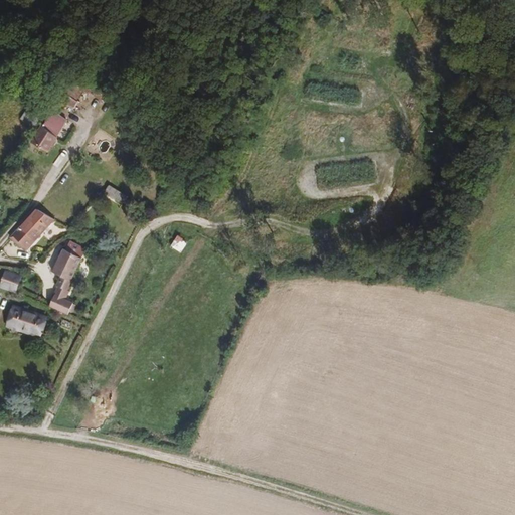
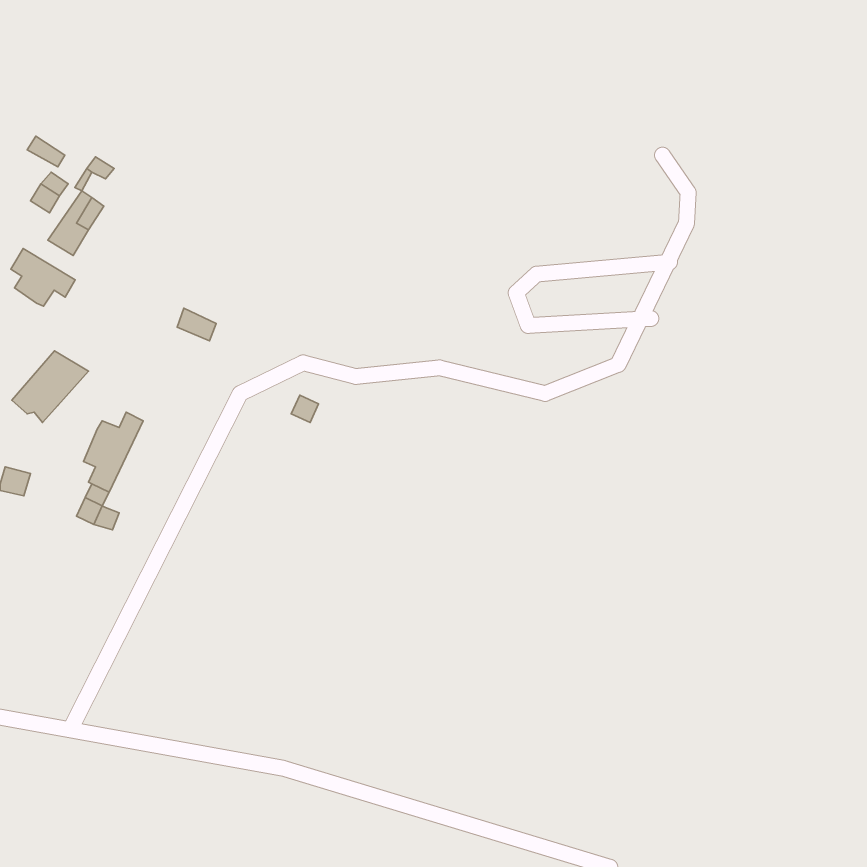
building: none -> [11,249,75,306]
building: [7,309,43,335] -> none

